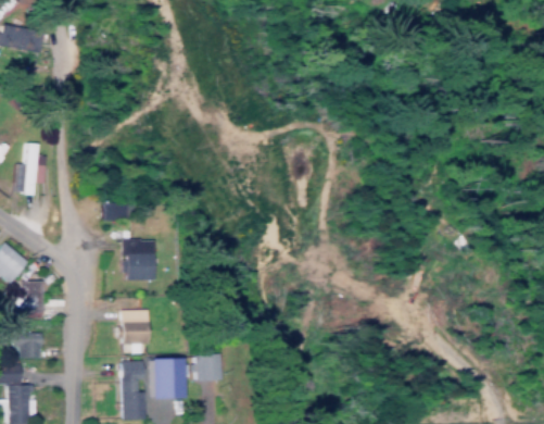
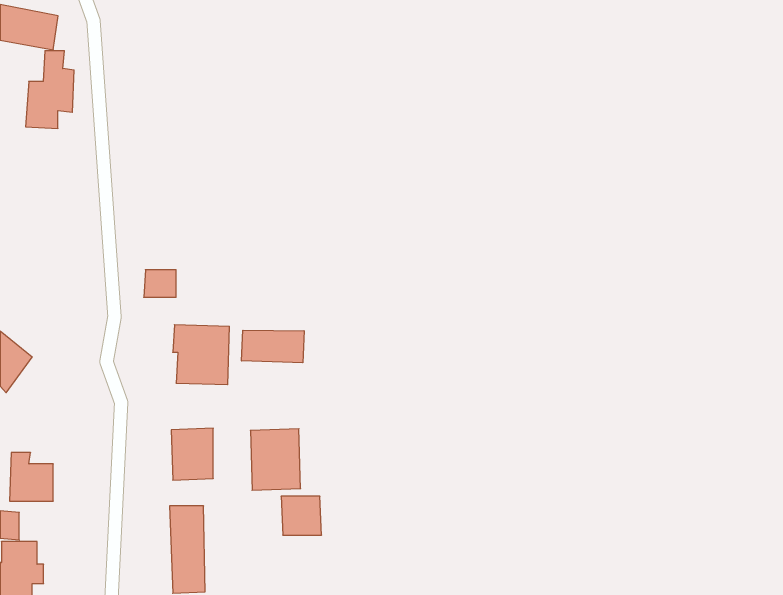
building: [14,142,47,195] -> [26,51,74,128]
building: none -> [242,330,304,363]
building: [18,280,42,317] -> none
building: [150,358,184,399] -> [250,429,301,490]

